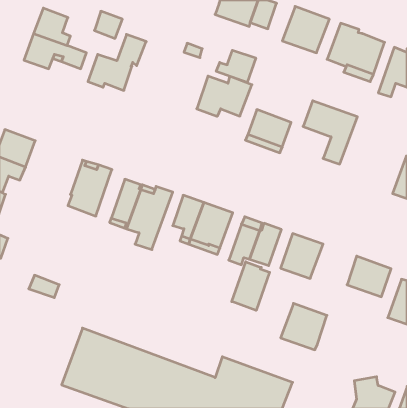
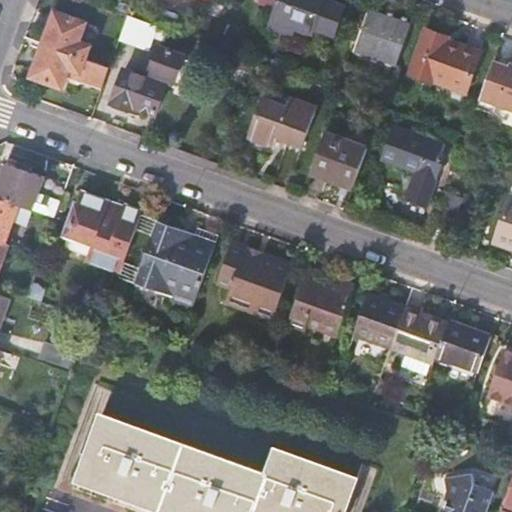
building: [216,50,256,83] -> none
building: none -> [64,192,103,244]
building: [232,262,270,310] -> none
building: [281,303,327,350] -> [388,306,446,364]

